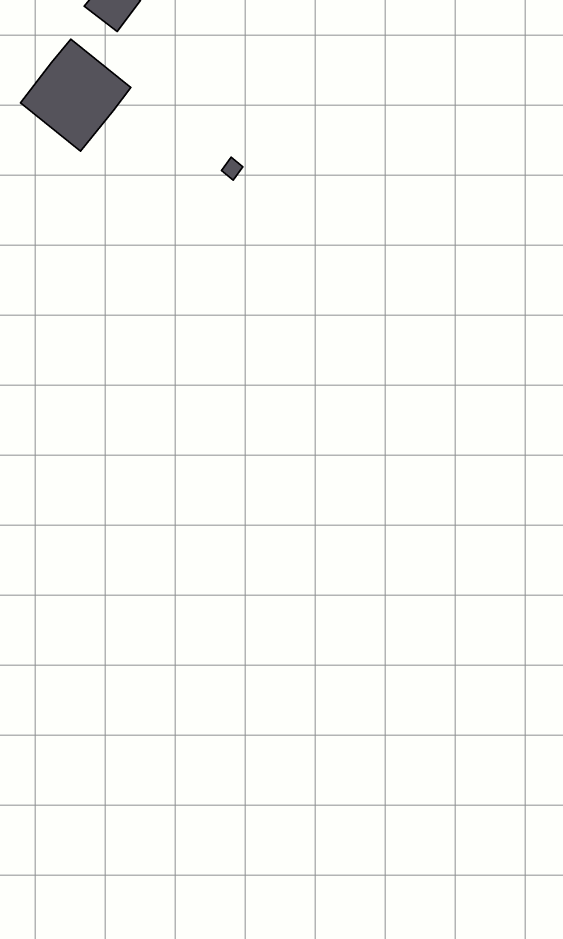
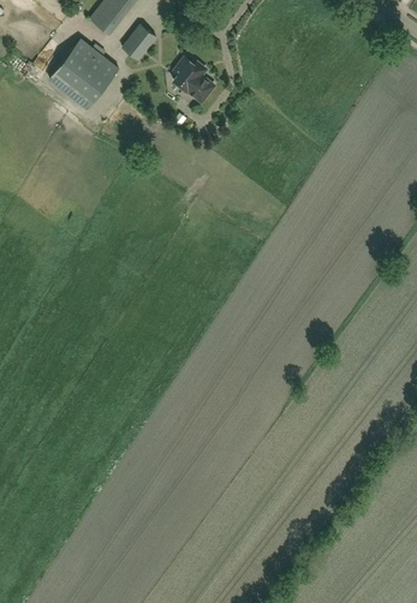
building: none -> [121,24,156,59]
building: none -> [173,56,214,101]

